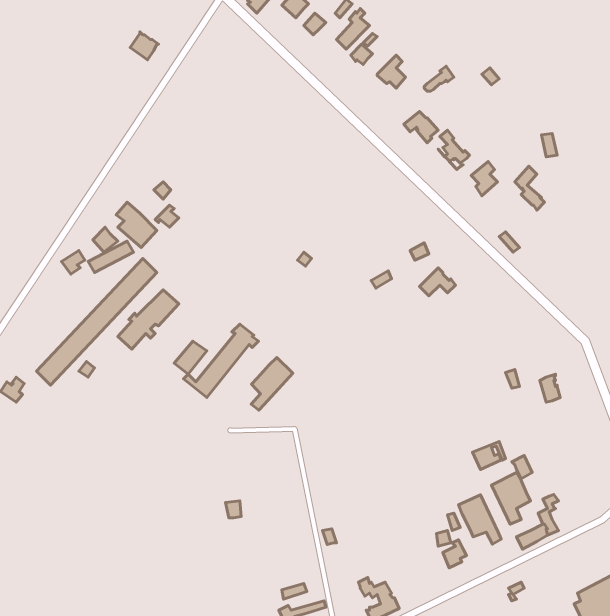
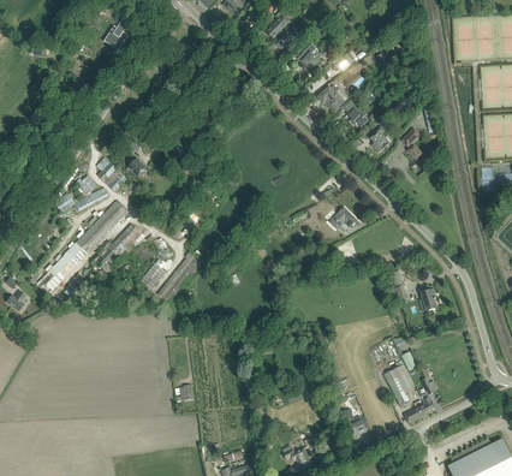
building: [251,357,293,410] -> none
building: [459,495,501,544] -> none

